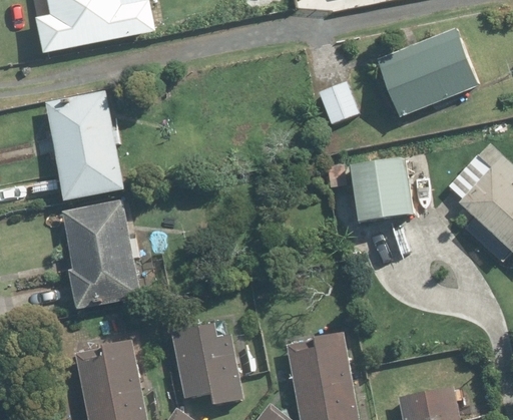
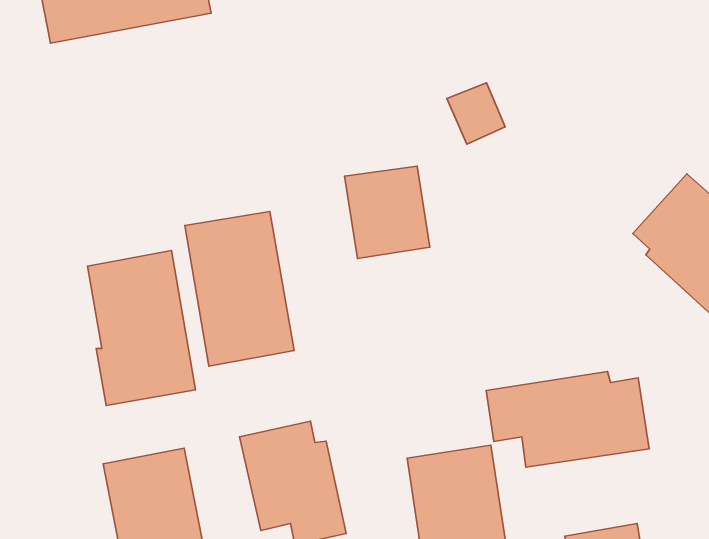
building: [377,28,478,117] -> none
building: [48,91,125,200] -> [185,211,294,366]
building: [354,154,414,220] -> [345,166,430,259]
building: none -> [486,371,649,467]

